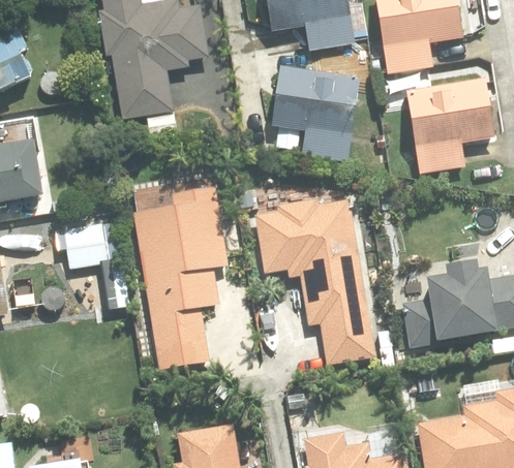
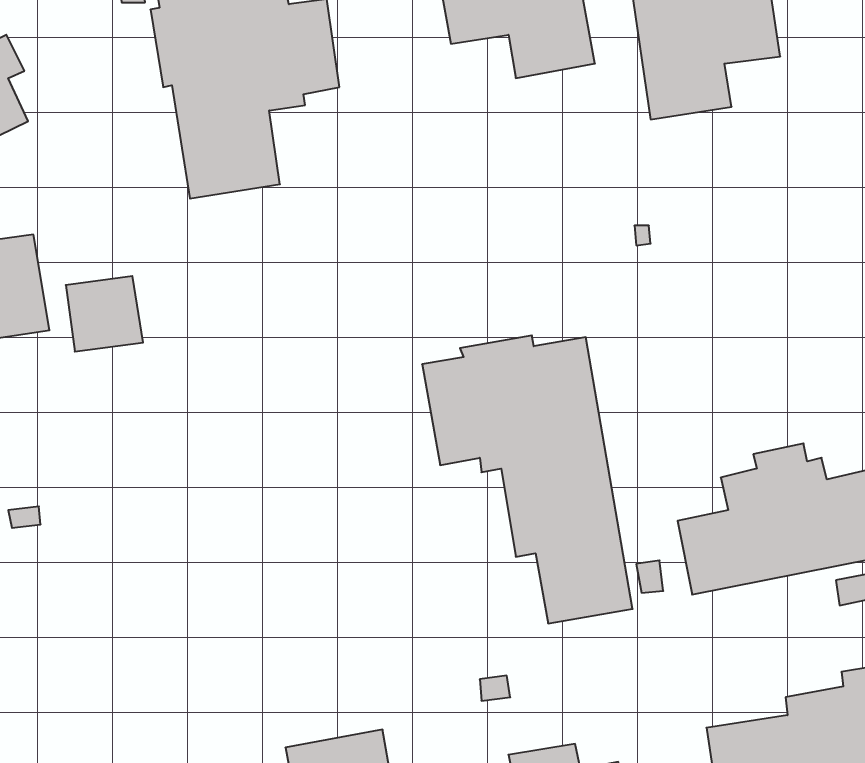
building: [272,65,360,161] -> none
building: [406,76,493,173] -> none
building: [133,185,226,369] -> none
building: [64,223,109,267] -> [66,276,143,352]

